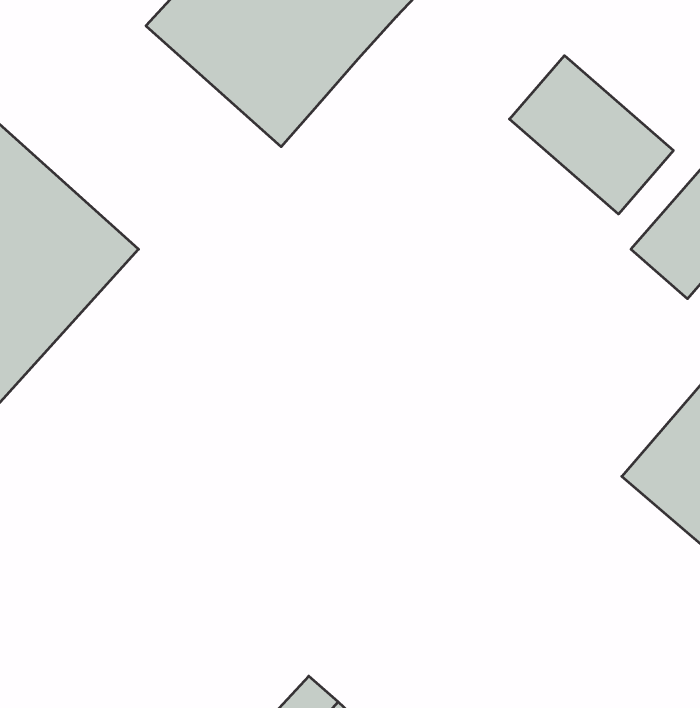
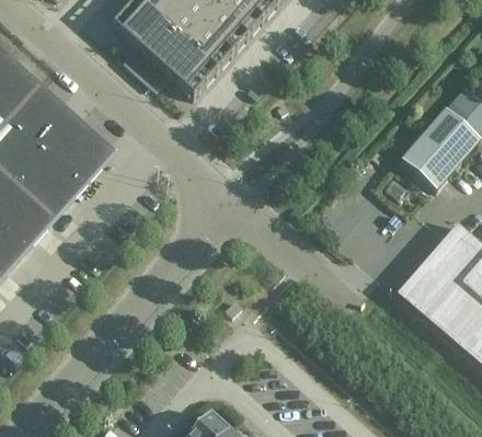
building: [509,56,673,214] -> none

